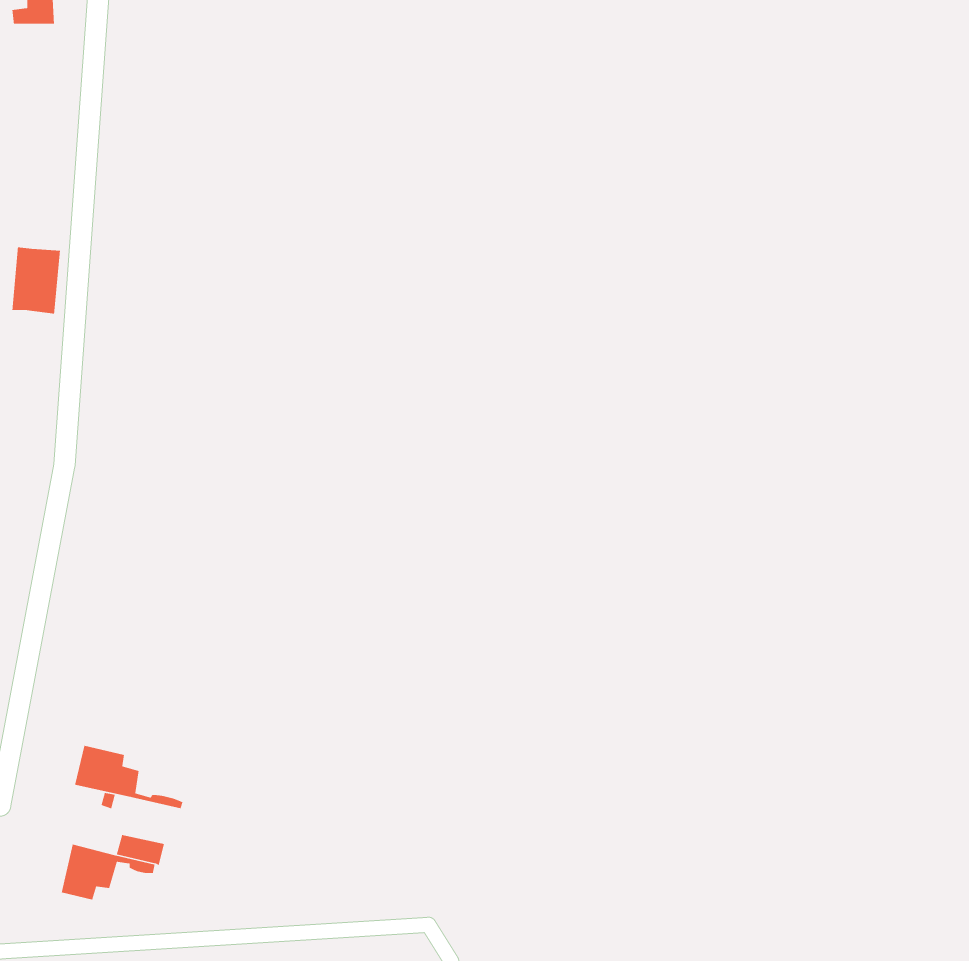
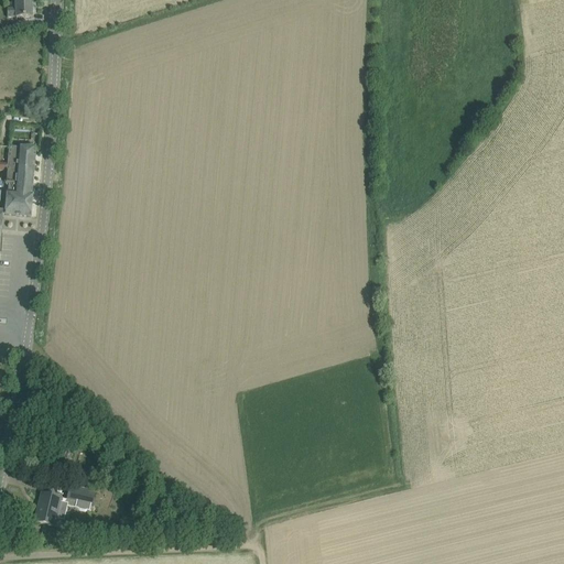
building: none -> [4,181,33,214]
building: [74,745,183,809] -> none

